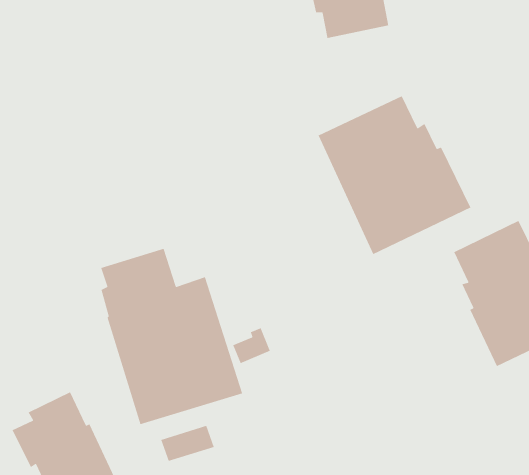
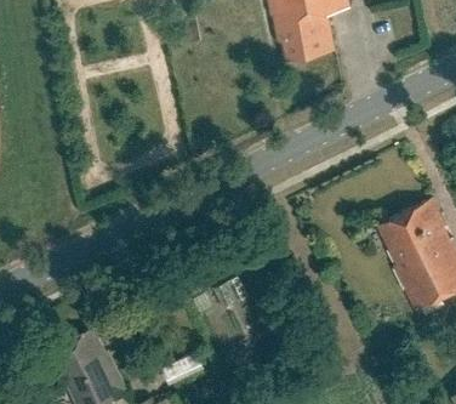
building: [317,95,471,255] -> none
building: [100,248,243,425] -> none

